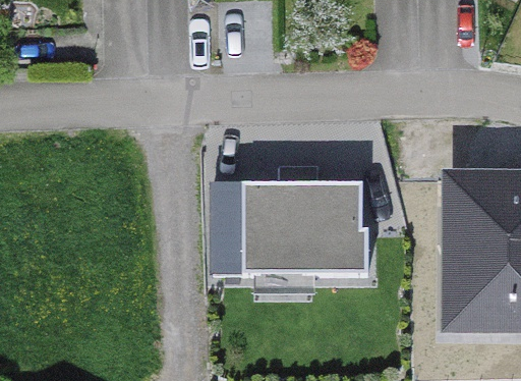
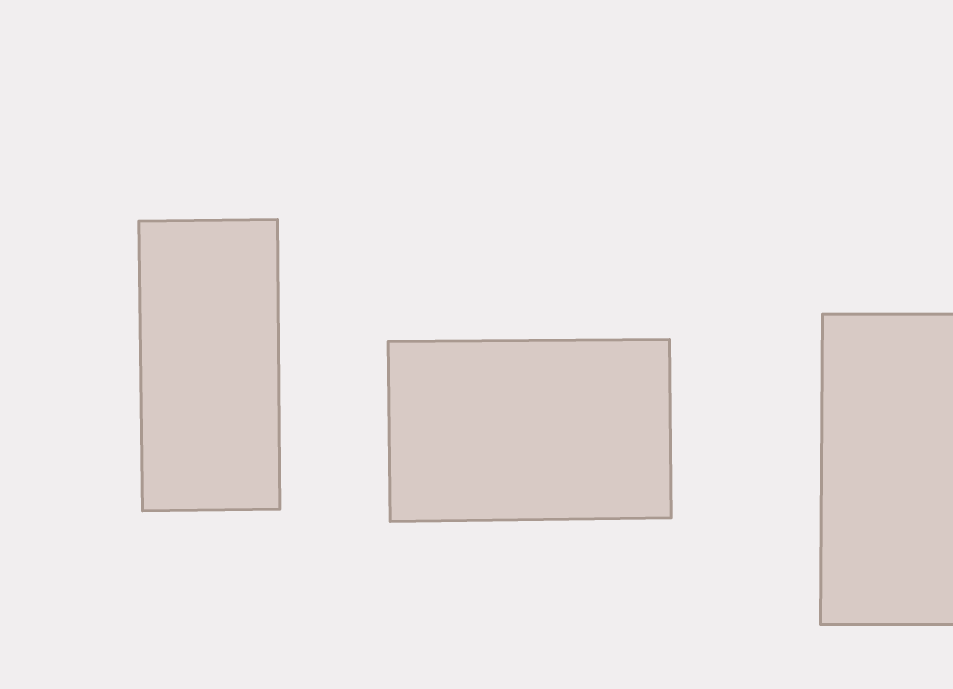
building: none -> [139,220,280,511]

